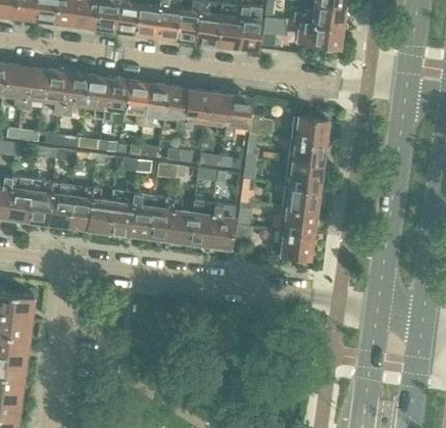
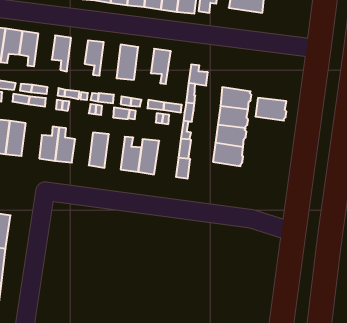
building: [62,74,88,114] -> none
building: [102,79,128,121] -> none
building: [142,84,167,128] -> none
building: [184,90,208,131] -> none
building: [222,95,251,136] -> none
building: [291,116,329,144] -> [255,98,286,121]
building: [47,183,71,226] -> none
building: [108,193,134,234] -> none
building: [148,196,172,239] -> none
building: [208,204,235,247] -> none
building: [270,230,314,258] -> none

